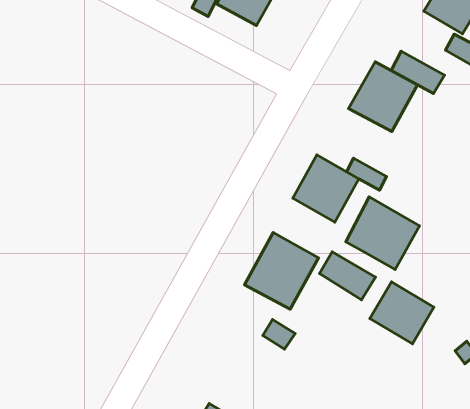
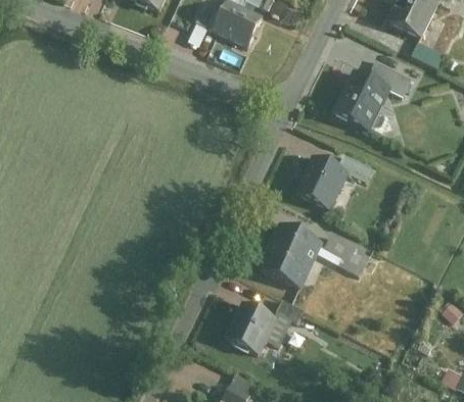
building: [346,197,420,270] -> none
building: [370,282,434,344] -> none
building: none -> [224,301,289,354]

